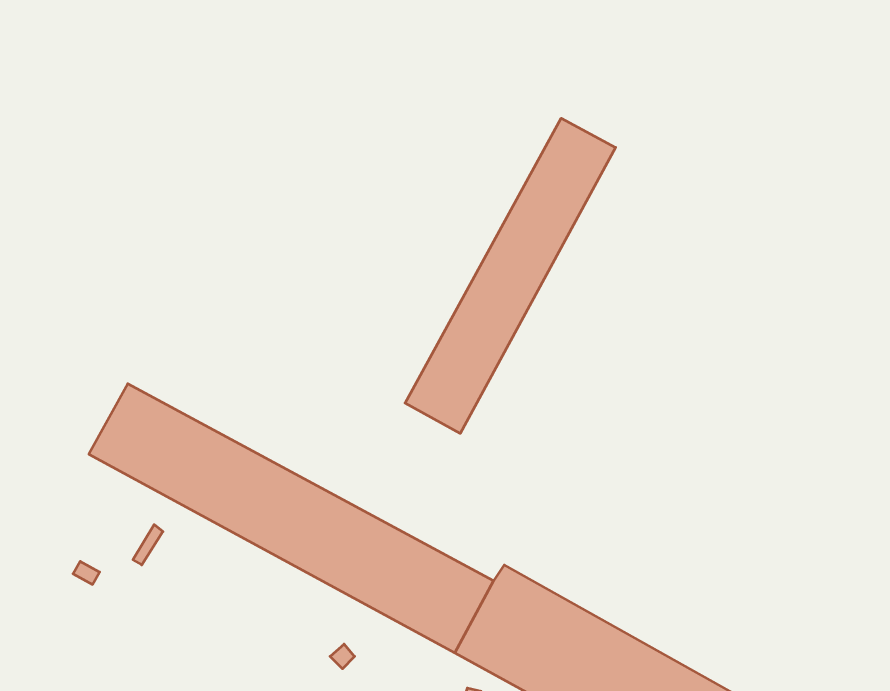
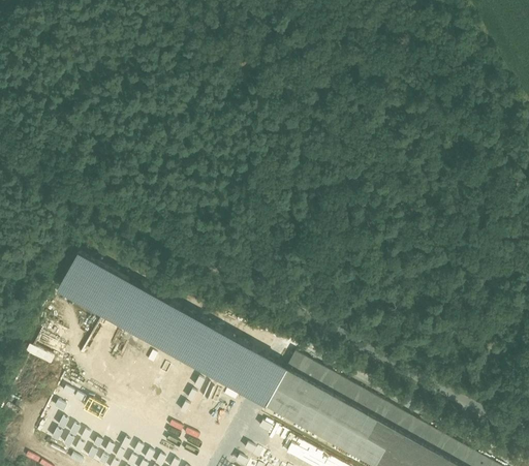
building: [405,118,616,433] -> none

